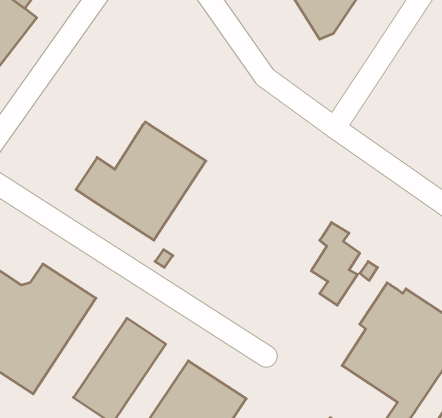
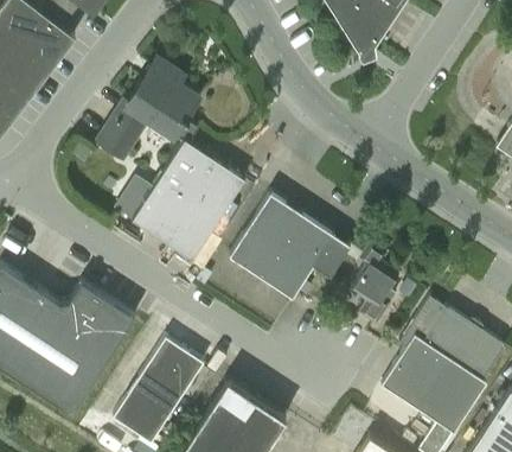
building: none -> [98,59,199,159]
building: none -> [230,193,351,297]

